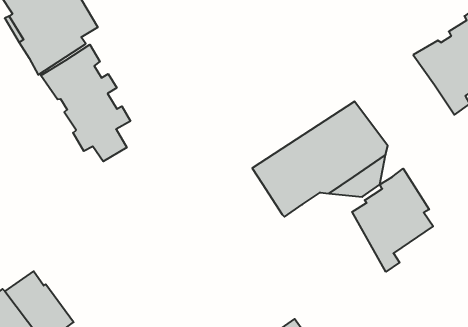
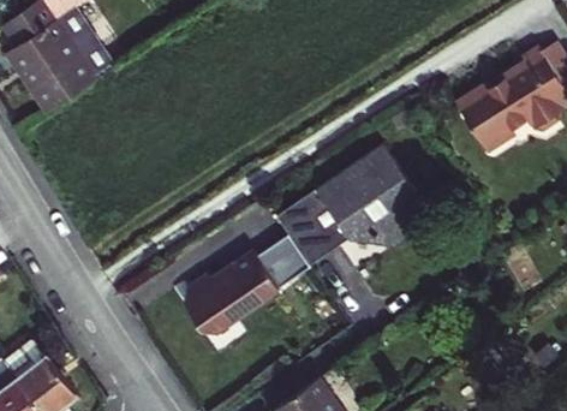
building: [41,45,130,161] -> none
building: [352,169,433,272] -> none
building: none -> [189,234,308,328]

